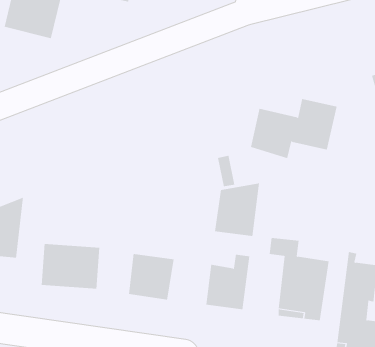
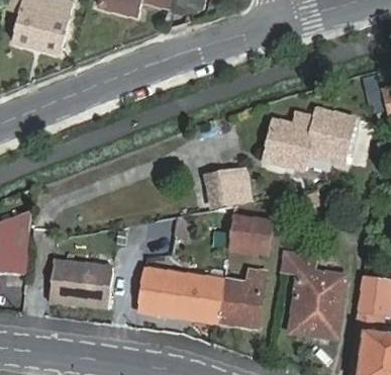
building: none -> [204,173,235,207]
building: none -> [179,276,222,322]

